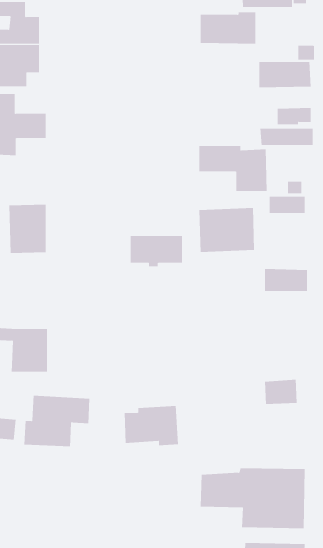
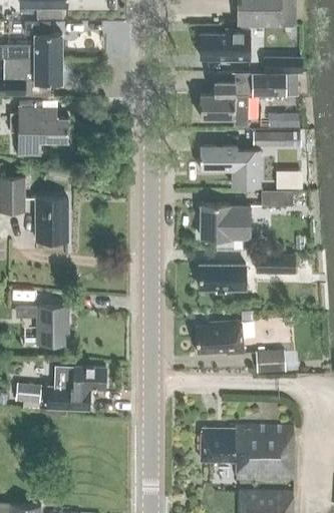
building: none -> [200,83,248,126]
building: [130,236,183,267] -> [200,265,246,292]
building: [124,405,179,446] -> [198,321,246,356]

